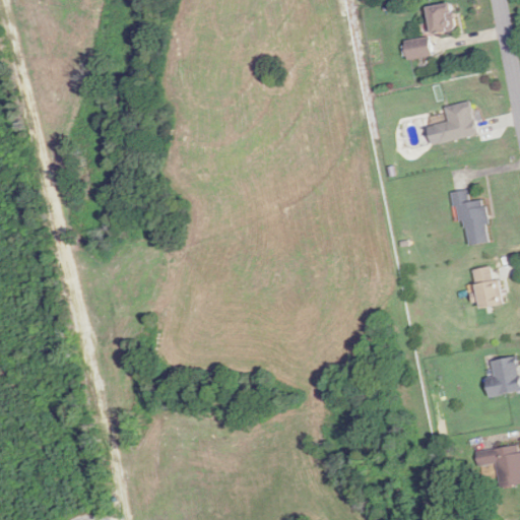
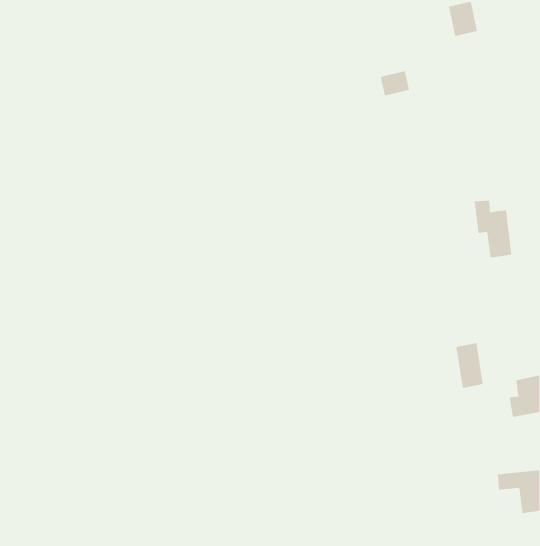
building: [401,36,430,60] -> [380,70,410,96]
building: [433,100,476,143] -> none
building: [472,265,499,309] -> [456,342,483,388]

